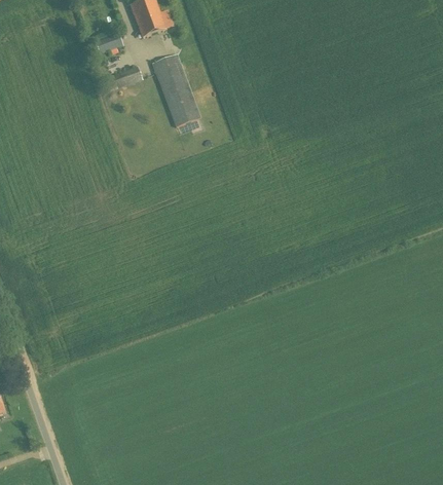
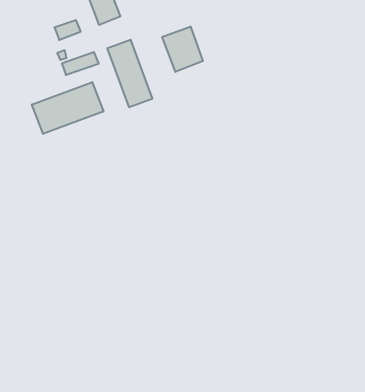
building: none -> [162,27,203,72]
building: none -> [32,82,103,134]

